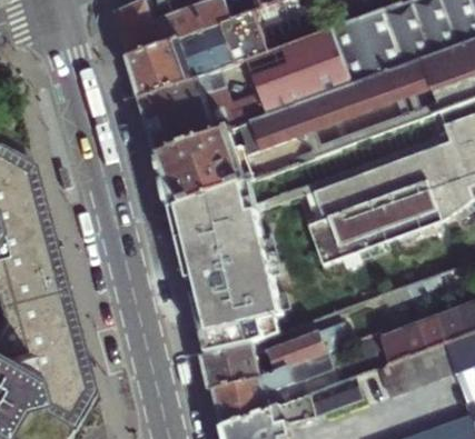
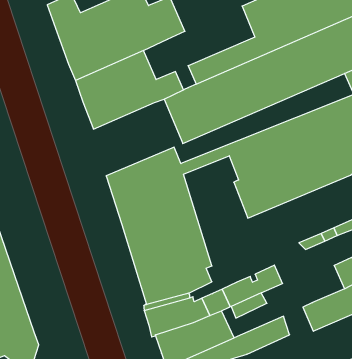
building: [247,27,345,114] -> none
building: [158,129,247,208] -> none
building: [382,323,428,363] -> none

